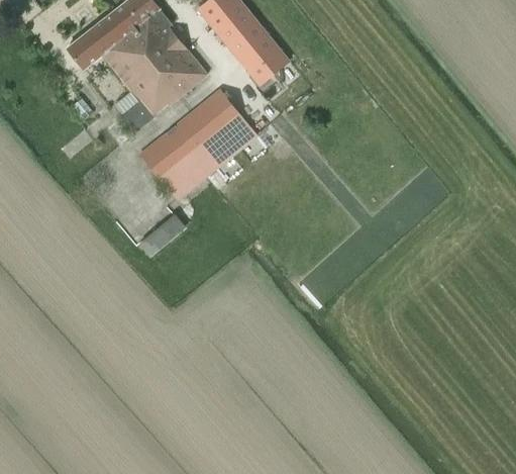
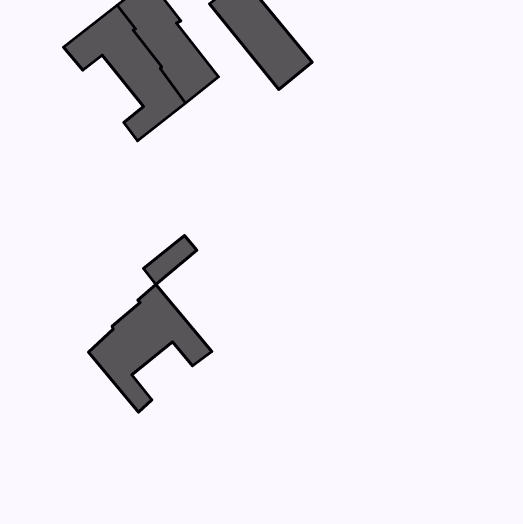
building: [140,91,255,200] -> none
building: none -> [88,284,212,412]

